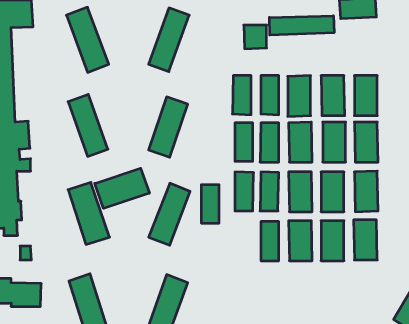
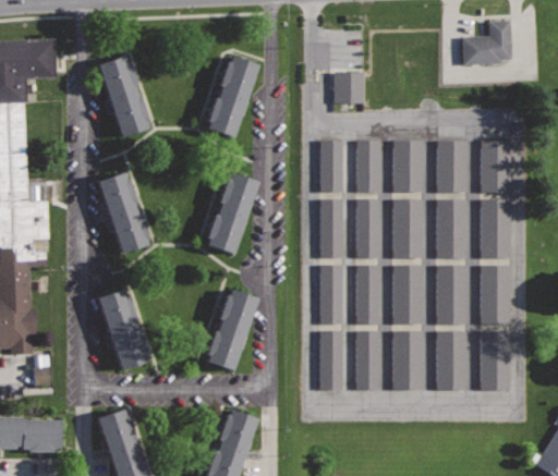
building: [269,16,334,35] -> none
building: [95,168,149,208] -> none
building: [201,185,219,223] -> [319,335,343,387]

